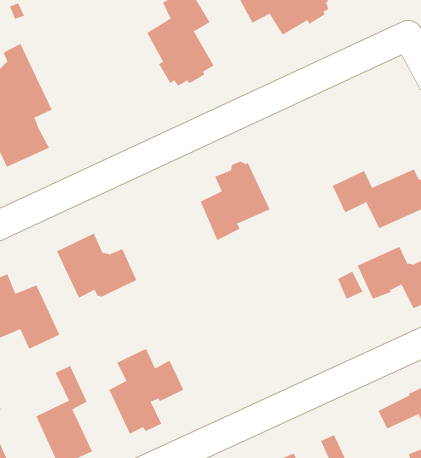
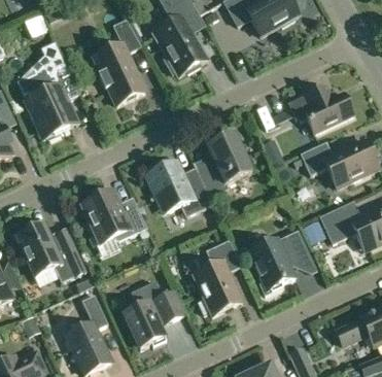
building: none -> [94,19,144,104]
building: none -> [288,85,353,132]
building: none -> [137,161,212,215]
building: none -> [248,230,314,294]
building: none -> [193,238,242,314]

